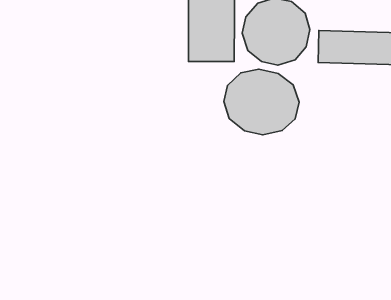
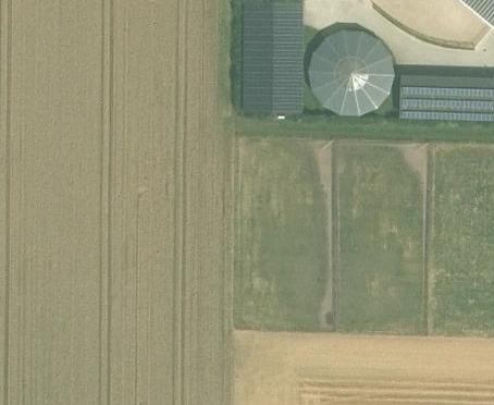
building: [224,69,299,135] -> none

